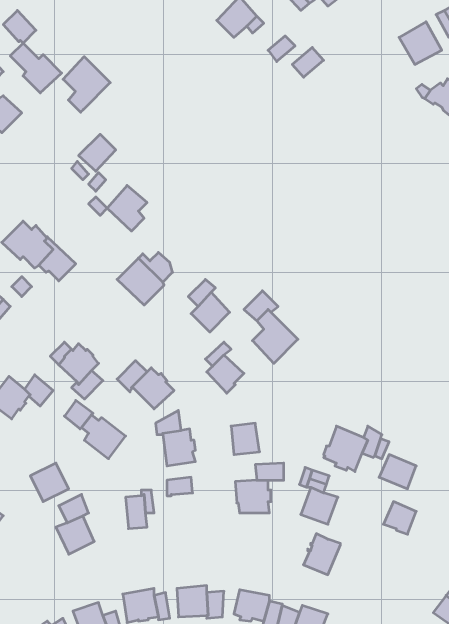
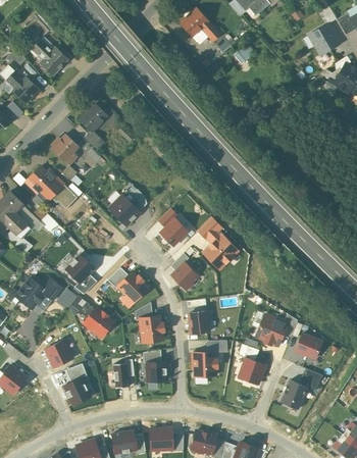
building: [63,57,110,112] -> none
building: [107,185,147,231] -> [51,135,80,167]
building: none -> [146,362,166,383]
building: [303,534,340,575] -> [280,380,307,410]

